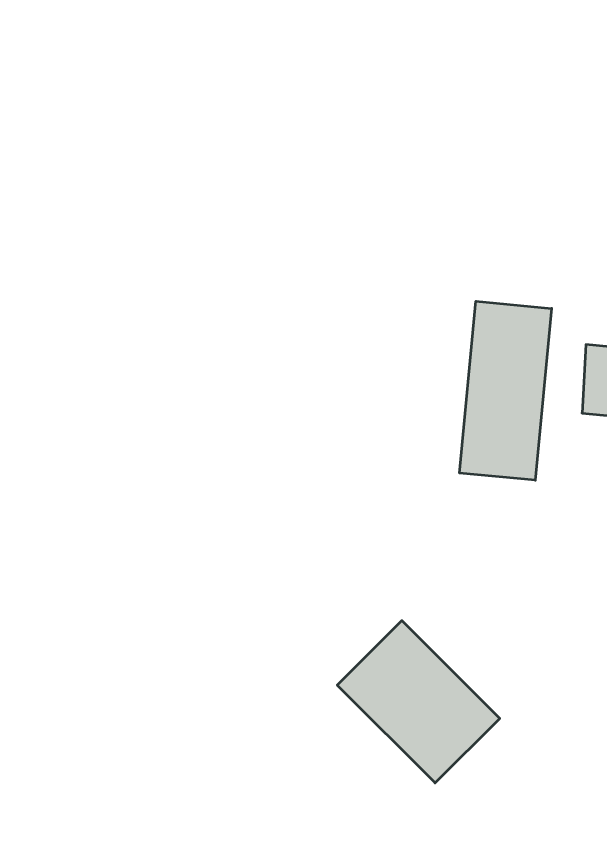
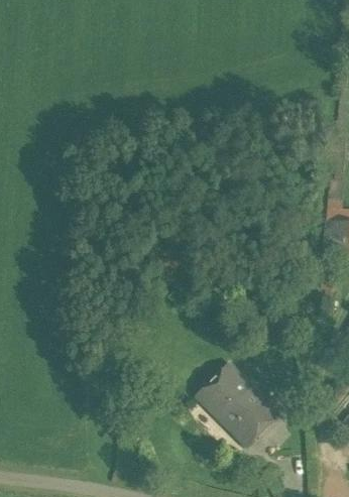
building: [460,301,552,480] -> none

